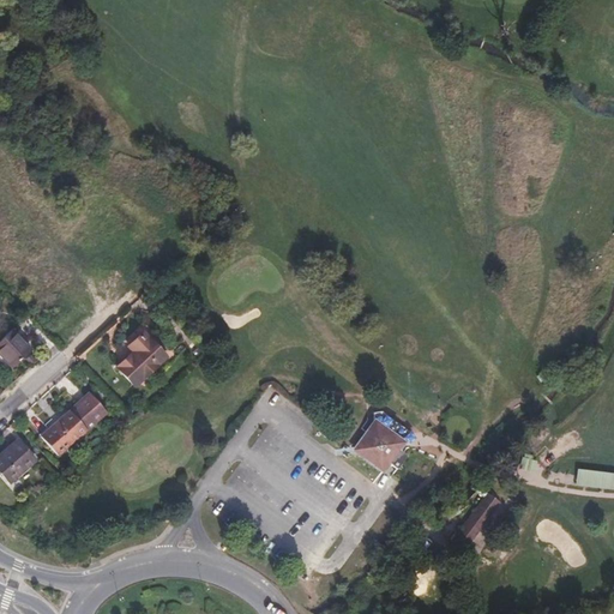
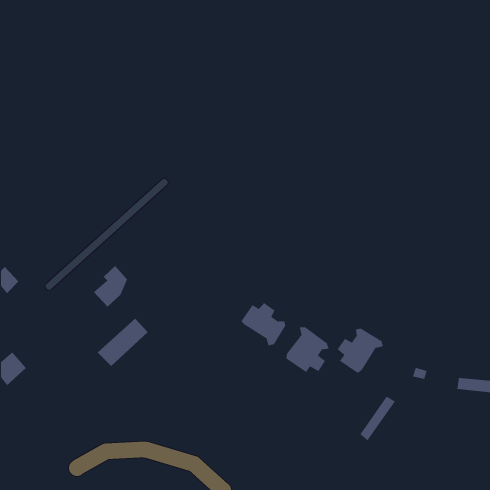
building: none -> [241,302,286,346]
building: [41,393,106,455] -> [97,318,149,367]
building: none -> [337,328,383,374]

